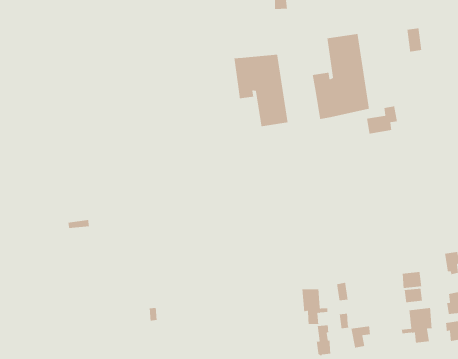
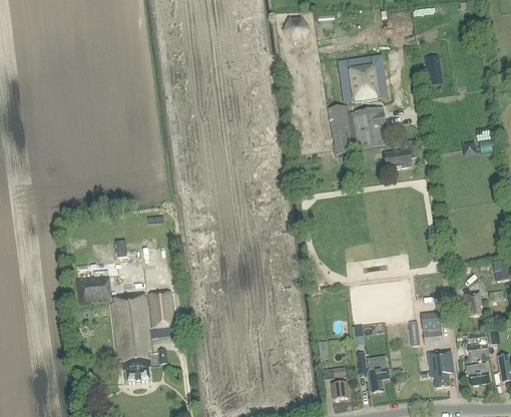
building: [234,54,288,127] -> none
building: none -> [76,275,174,383]
building: [302,288,328,325] -> none

